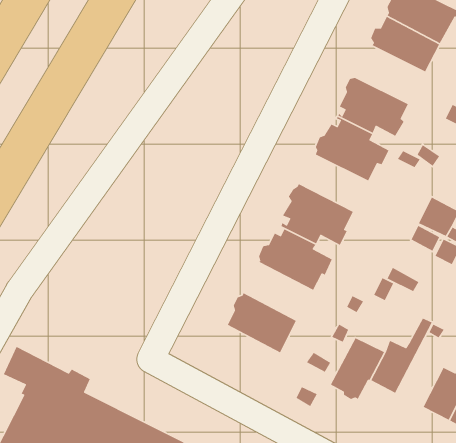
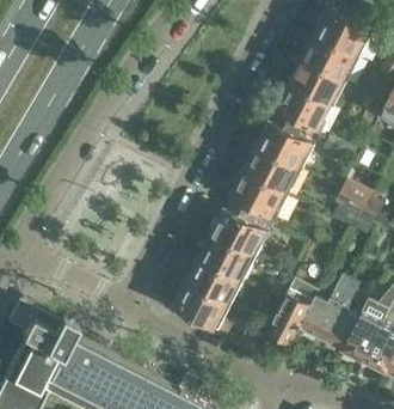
building: none -> [290,60,346,106]
building: none -> [245,147,301,193]
building: none -> [199,233,257,280]
building: none -> [174,283,230,334]
building: none -> [322,301,361,349]

